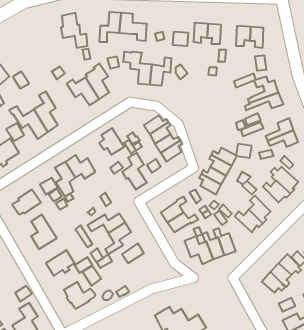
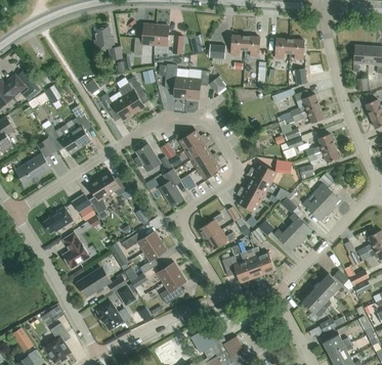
building: none -> [160,272,186,304]

